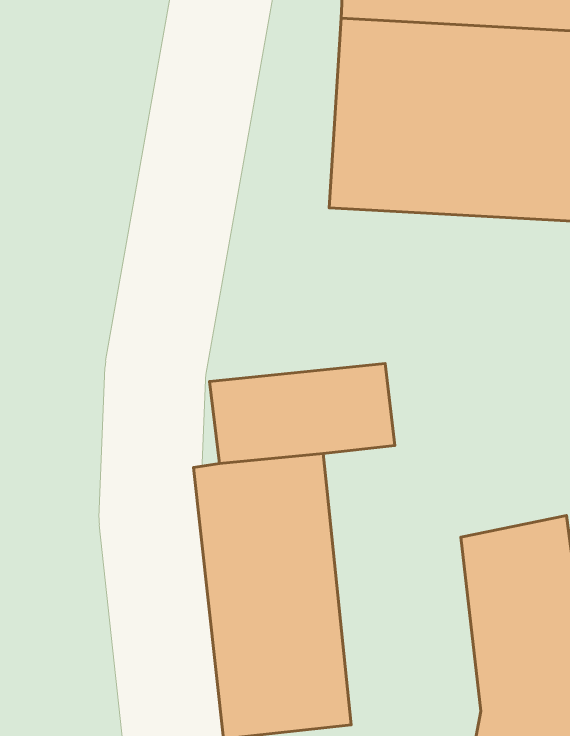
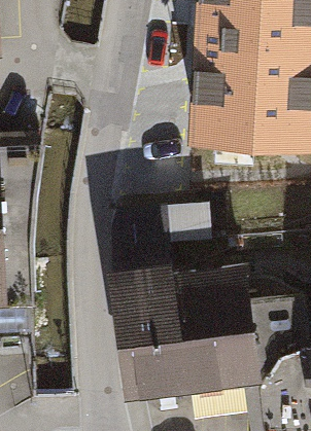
building: none -> [183,266,263,394]

